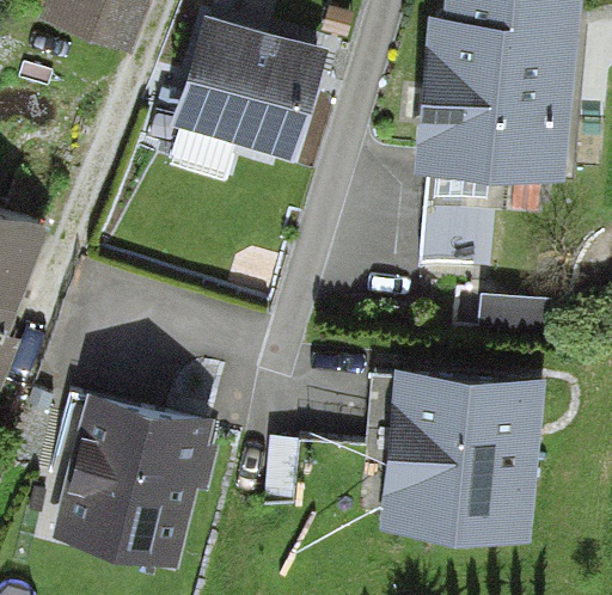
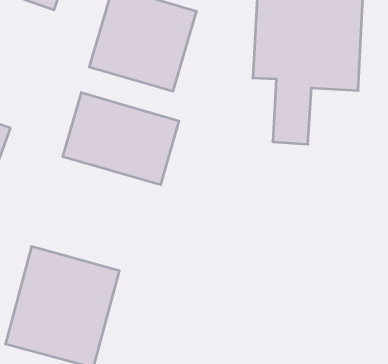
building: none -> [63,92,179,185]
building: [387,368,540,523] -> none

